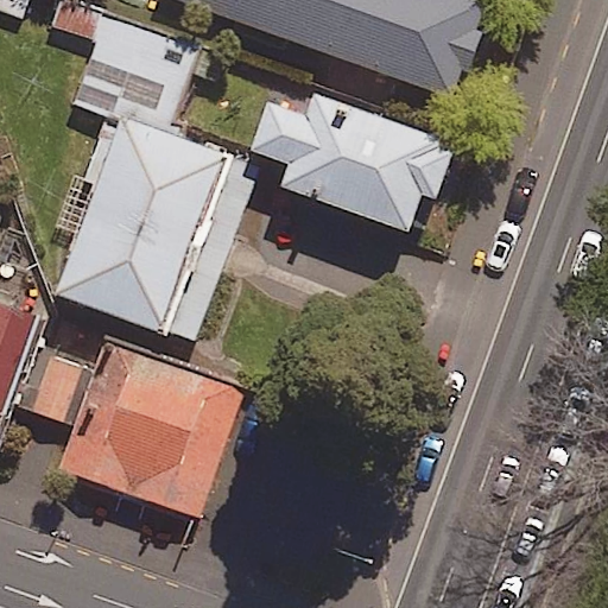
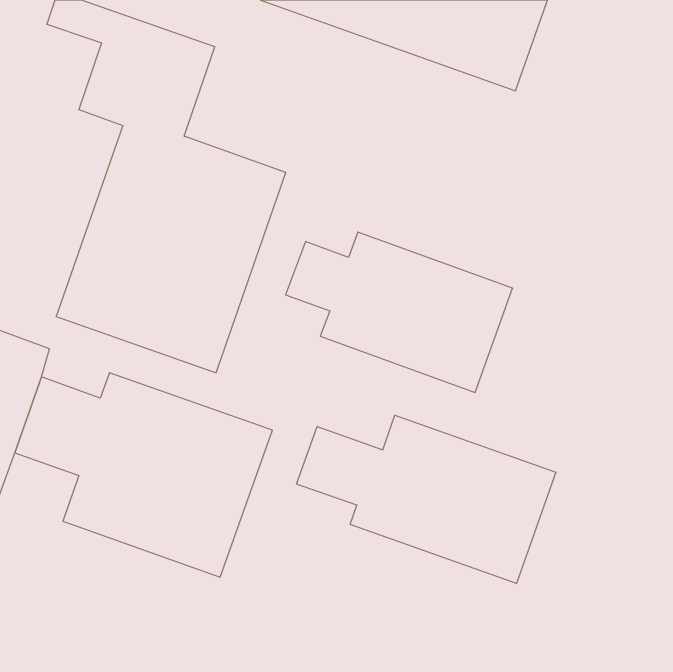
building: [248,88,450,230] -> [286,232,513,392]
building: none -> [297,415,556,584]

